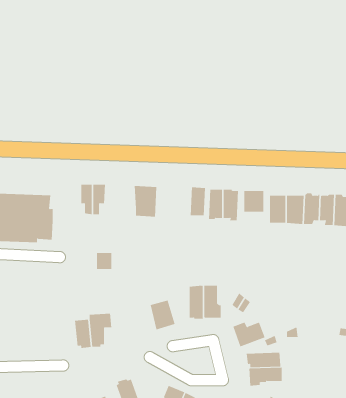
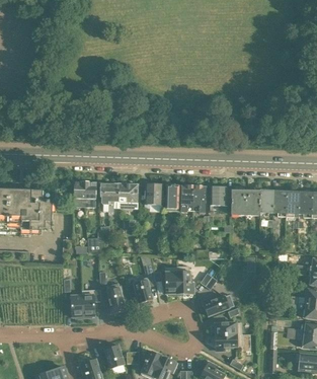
building: none -> [98,181,120,211]
building: none -> [144,183,162,208]
building: none -> [105,282,125,313]

